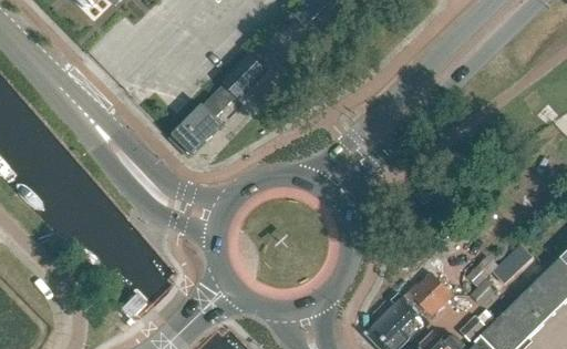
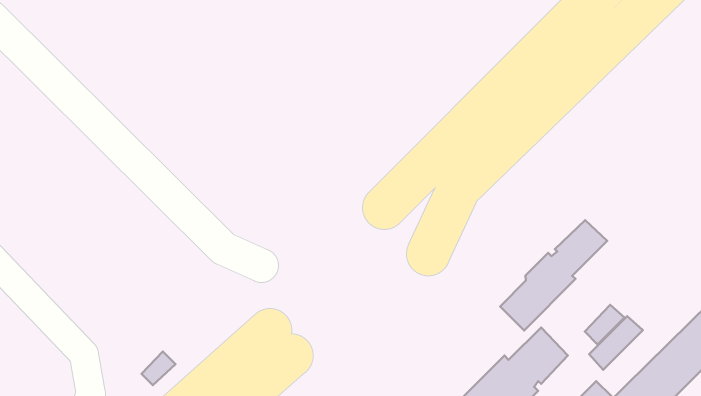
building: [168,53,265,154] -> none
building: none -> [500,220,607,330]

